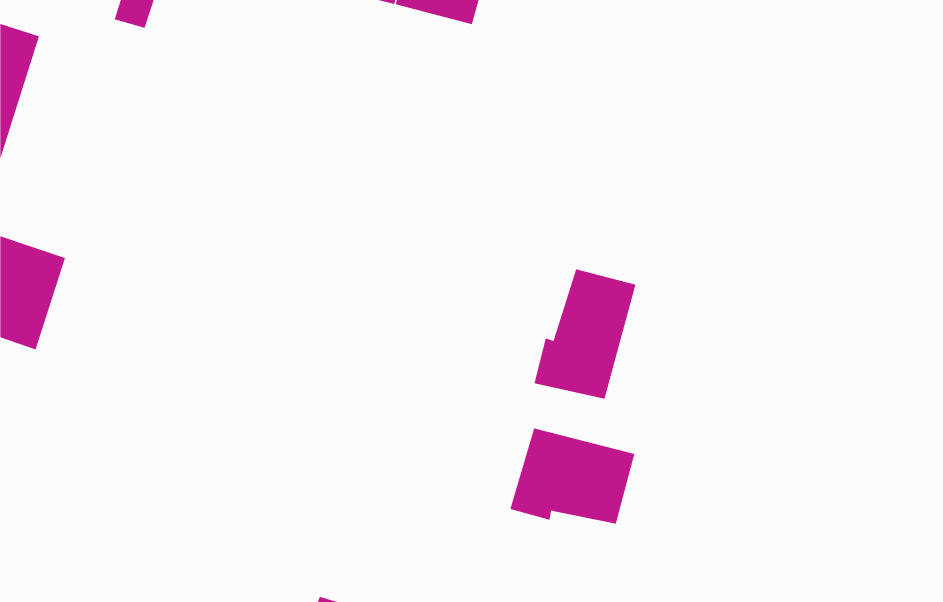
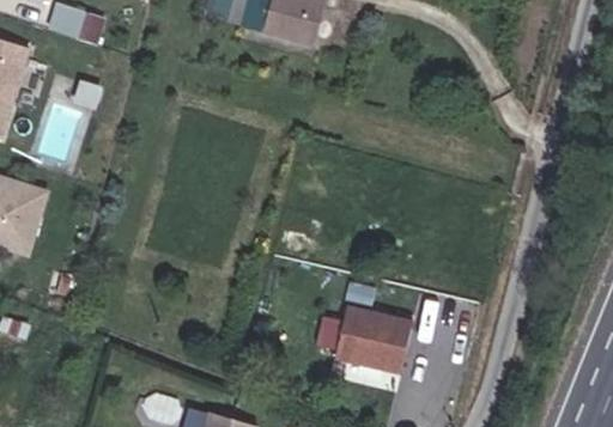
building: [534,268,636,400] -> none

